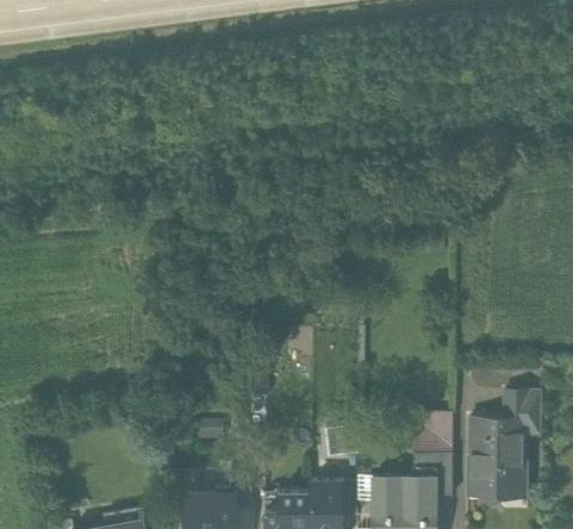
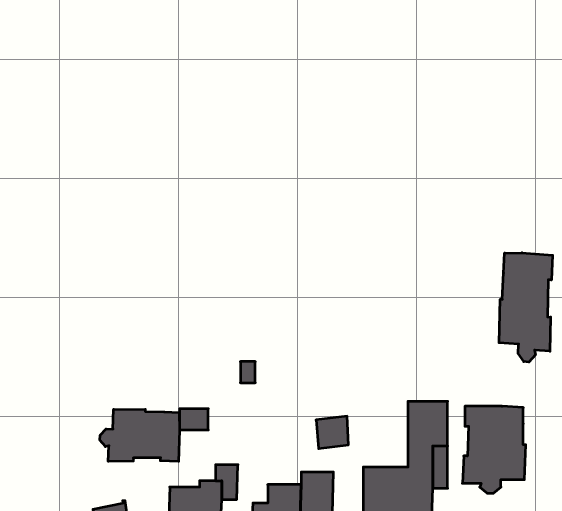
building: none -> [499,253,553,362]
building: [504,392,541,436] -> none
building: none -> [100,409,180,461]

